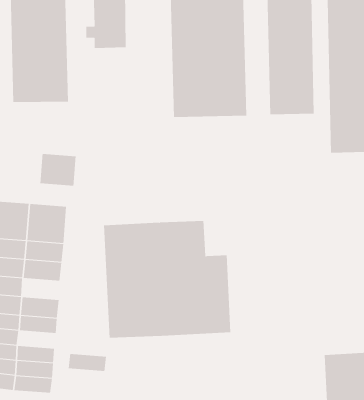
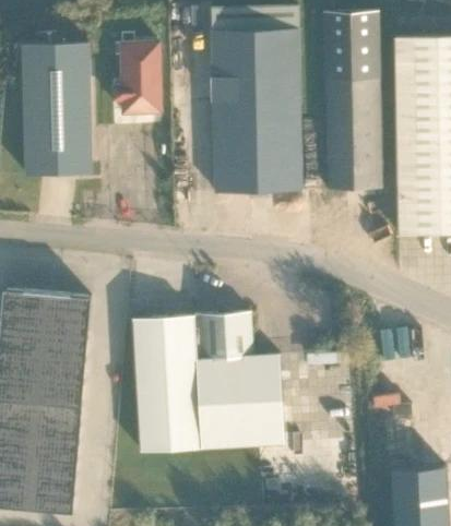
building: [40,153,76,186] -> none
building: none -> [38,381,83,406]
building: [68,354,107,371] -> [33,442,79,463]

